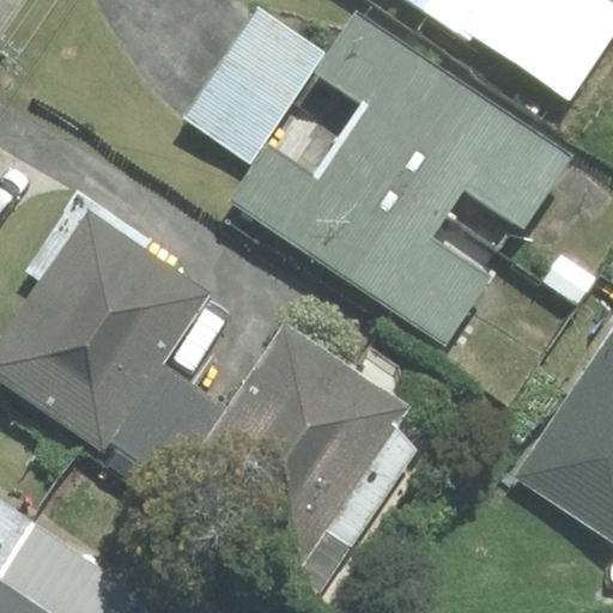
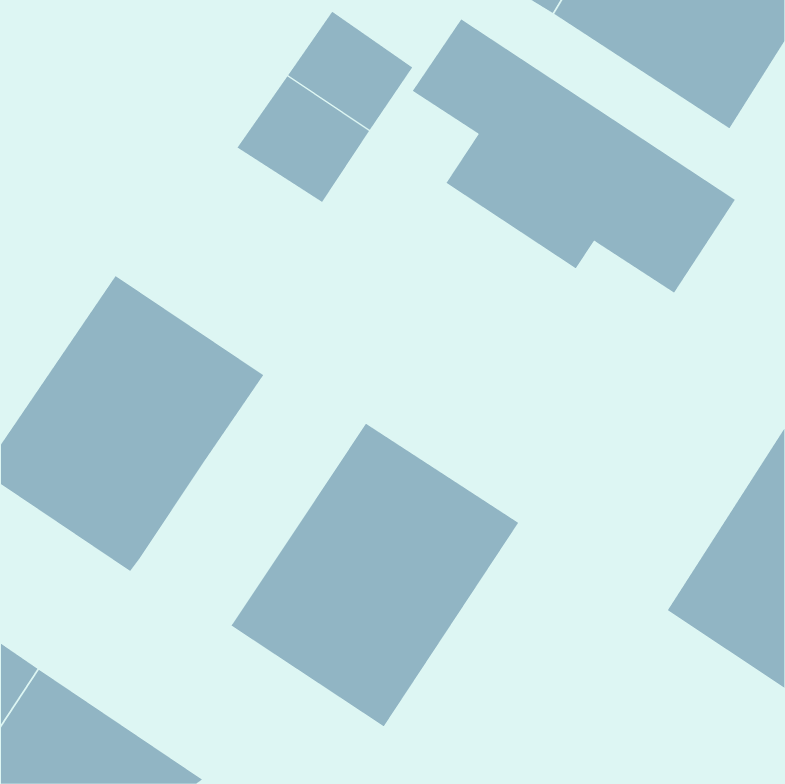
building: [230,142,491,342] -> none
building: [109,360,232,484] -> none

